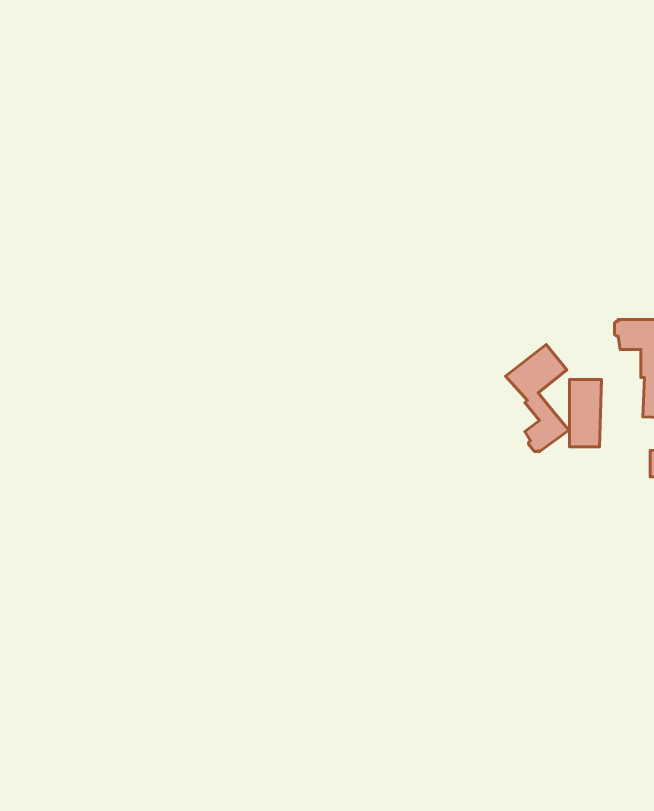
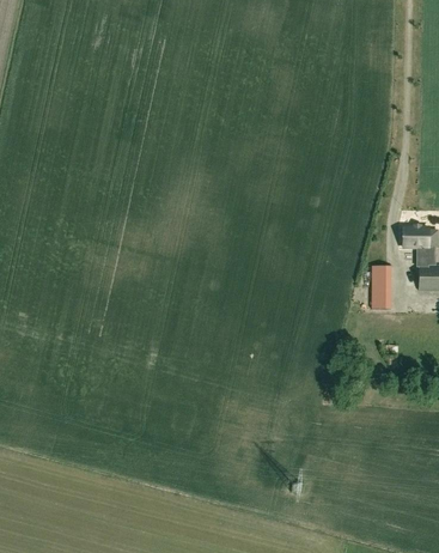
building: [505,344,569,452] -> none

